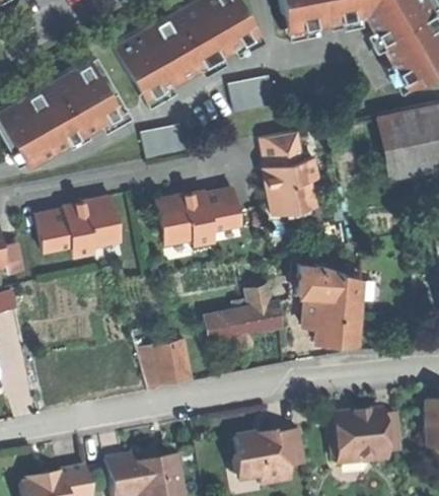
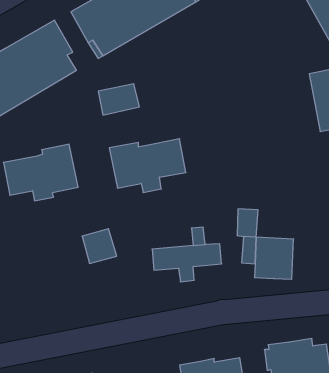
building: [230,78,275,112] -> none
building: [261,132,318,216] -> none
building: [319,267,362,299] -> none
building: [152,343,191,381] -> [82,229,117,263]

